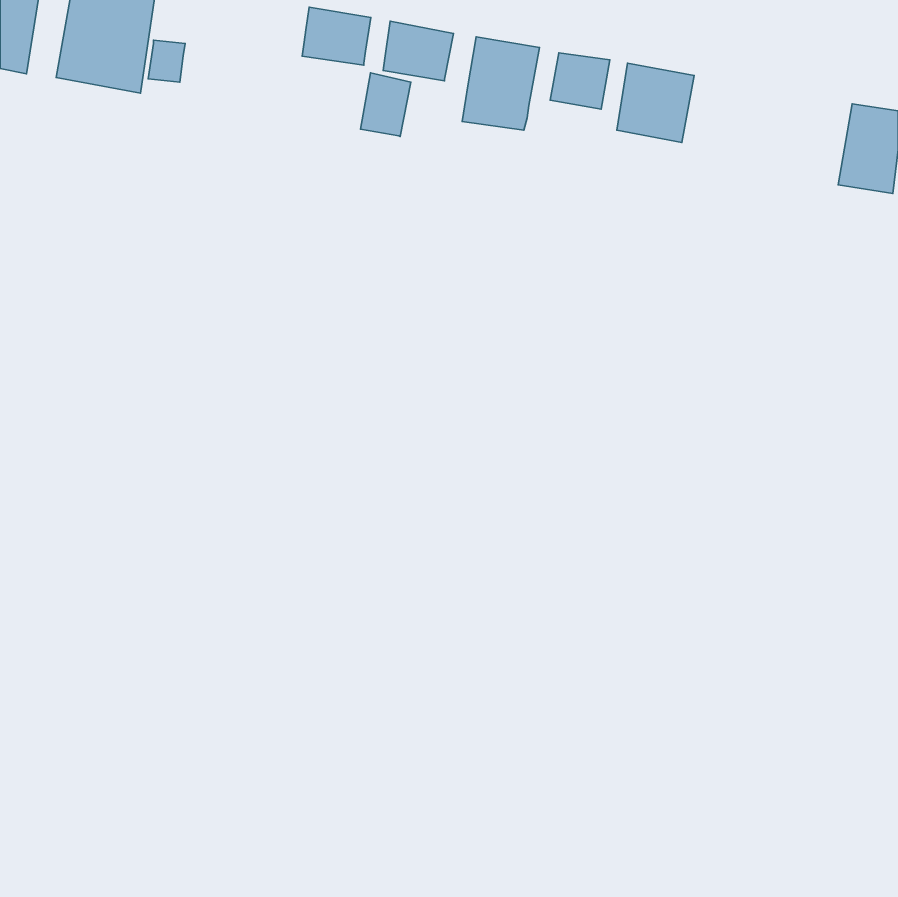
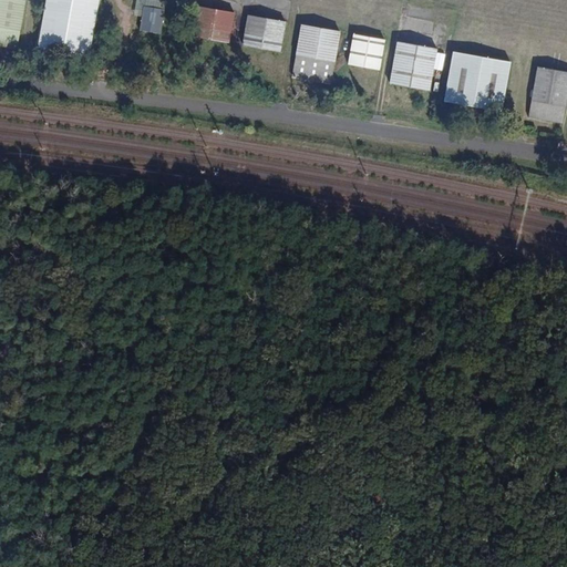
building: [148,40,185,82] -> [140,6,163,32]
building: [361,73,411,136] -> none
building: none -> [443,50,511,111]

